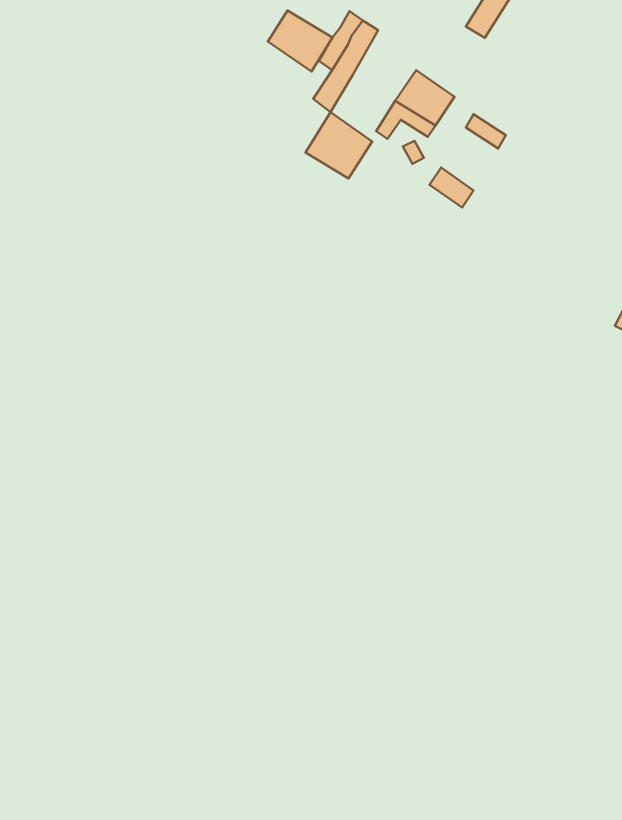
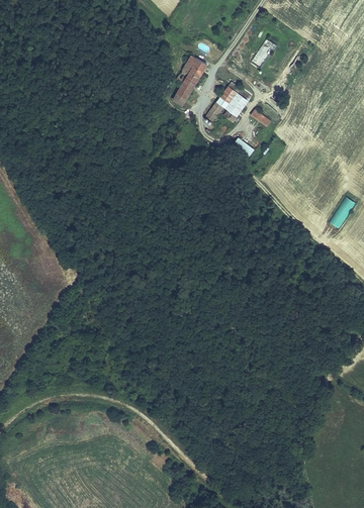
building: [268,10,333,71] -> none
building: [305,112,372,179] -> none

